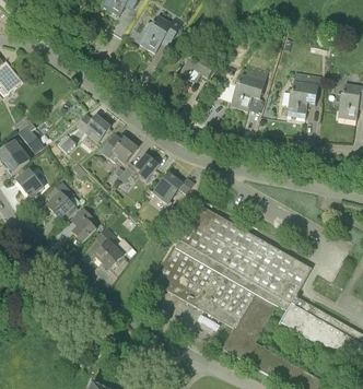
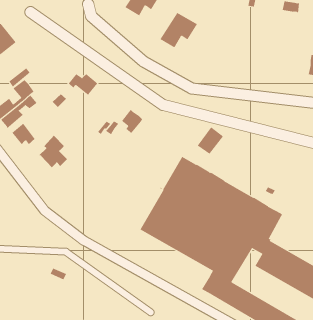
building: [230,64,268,110] -> none
building: [286,71,320,117] -> none
building: [99,134,137,163] -> none
building: [153,172,183,202] -> [197,126,224,155]
building: [71,208,96,241] -> none
building: [94,226,130,269] -> none

